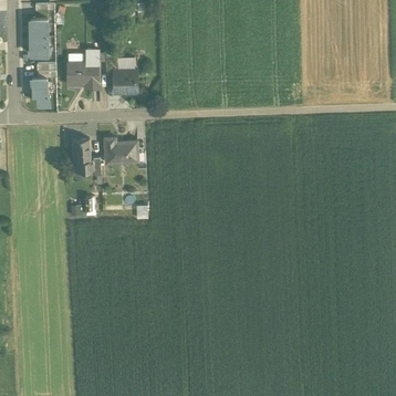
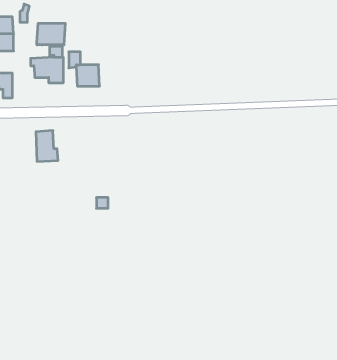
building: none -> [37,23,65,45]
building: [104,137,137,163] -> none

